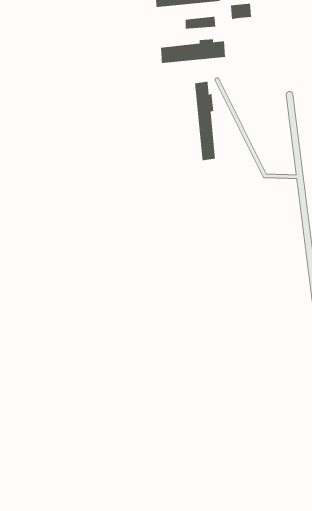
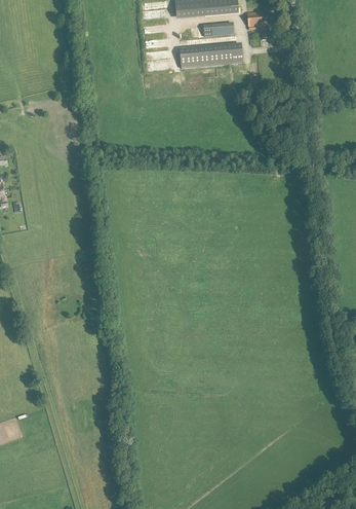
building: [194,81,216,161] -> none

